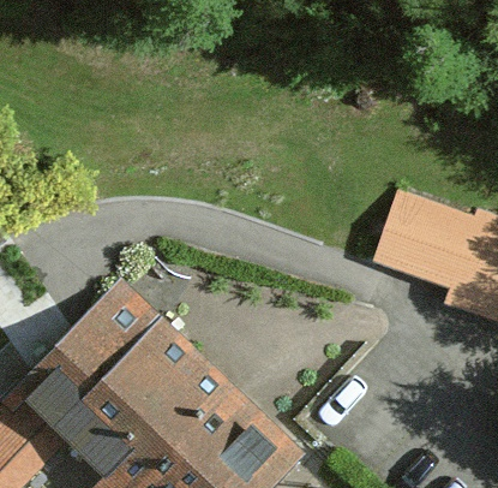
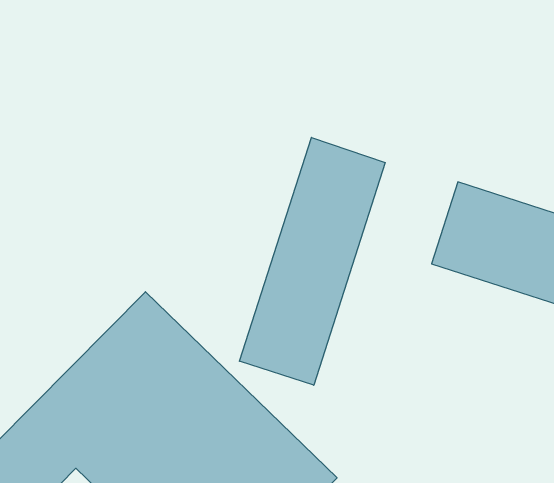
building: none -> [239,137,385,385]

